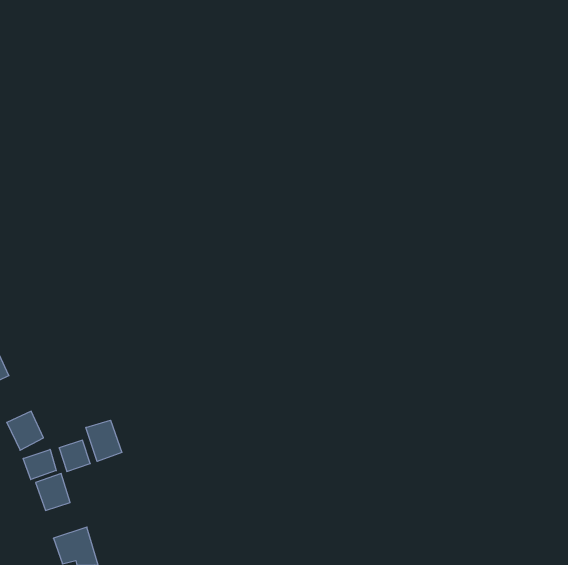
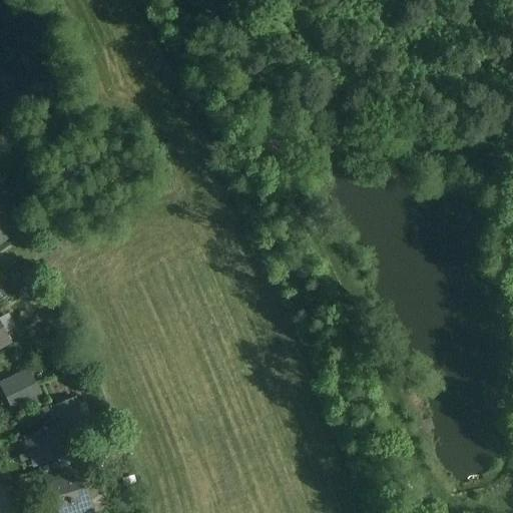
building: [86,420,122,461] -> none
building: [23,449,56,480] -> none

